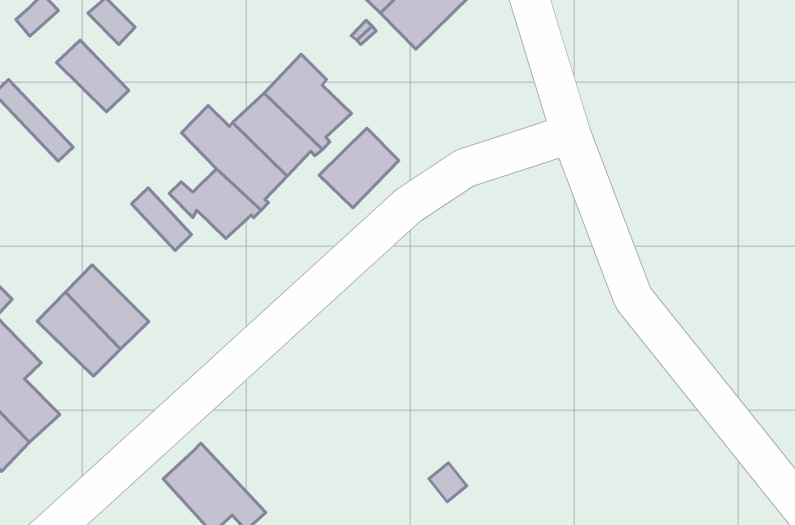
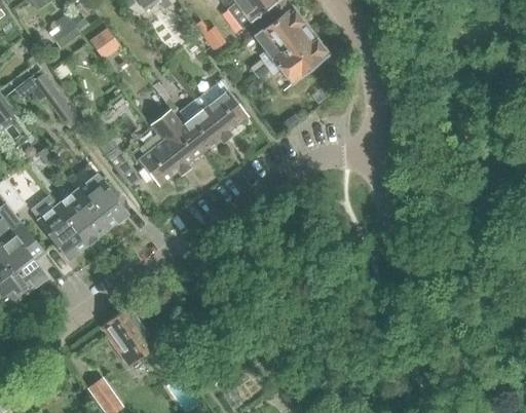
building: [57,40,129,112] -> none
building: [319,128,399,208] -> none
building: none -> [77,176,125,228]

